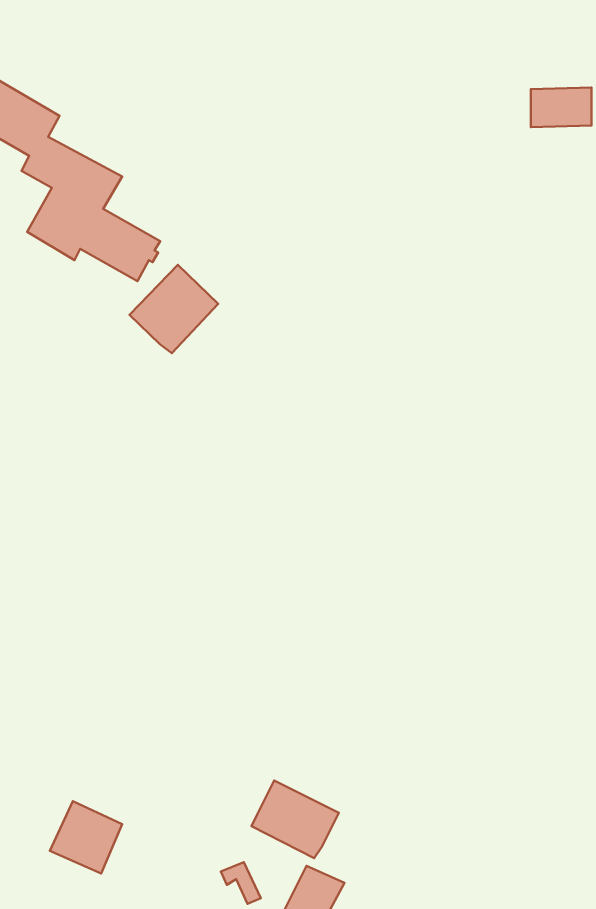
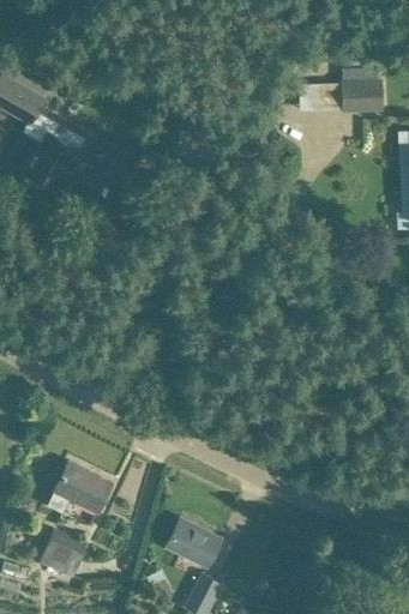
building: [130,265,218,353] -> none
building: none -> [47,462,112,513]

